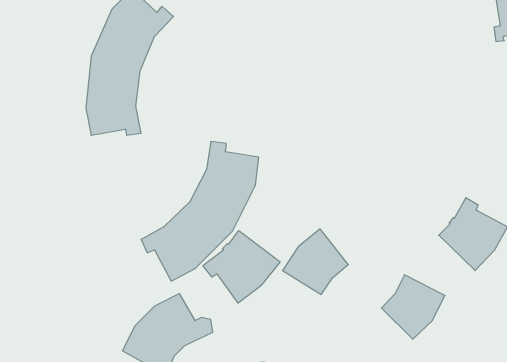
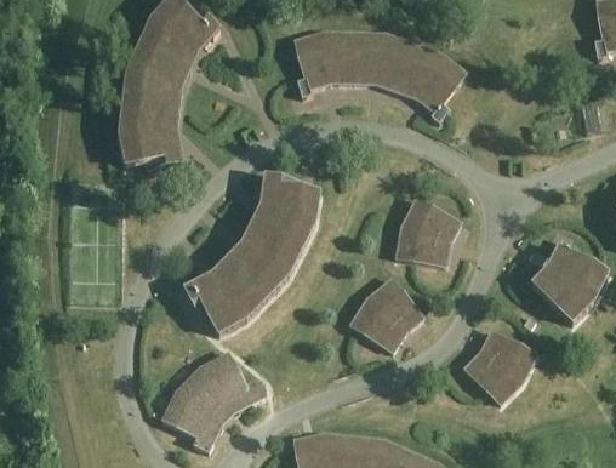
building: none -> [293,30,467,122]
building: none -> [395,198,462,267]
building: [203,231,280,303] -> none

